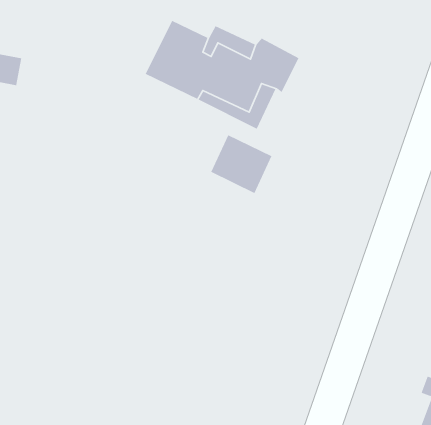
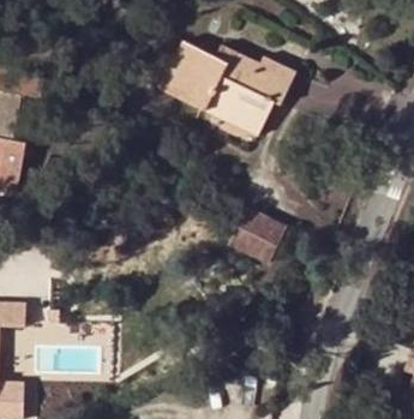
building: [210,134,273,194] -> [230,209,286,262]

